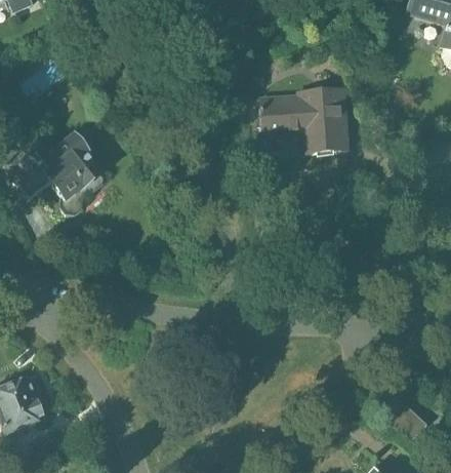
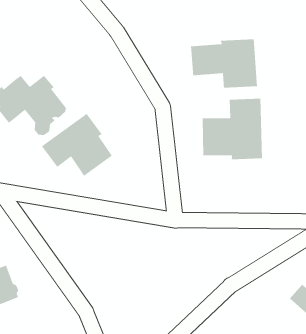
building: none -> [202,98,263,160]
building: none -> [41,113,113,177]

